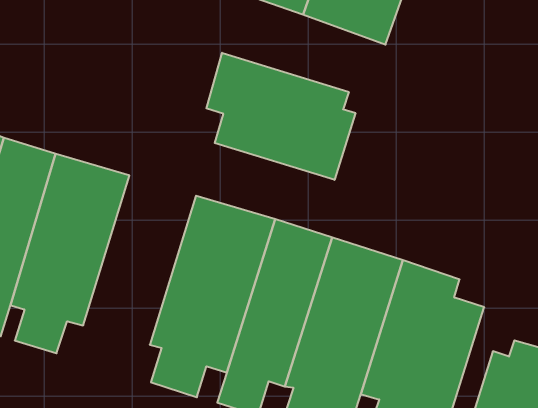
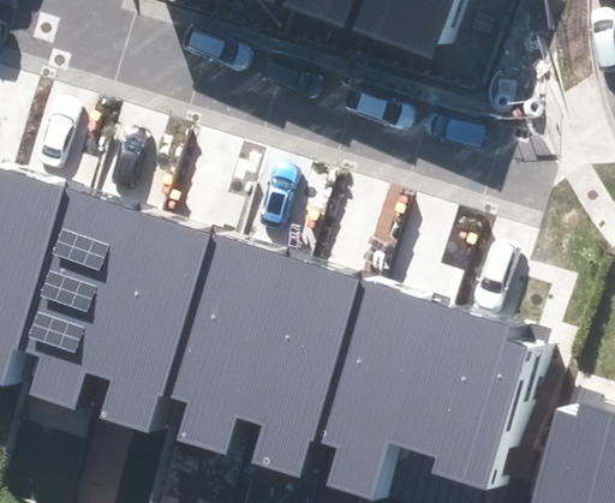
building: [206,53,355,180] -> none
building: none -> [97,209,226,436]

